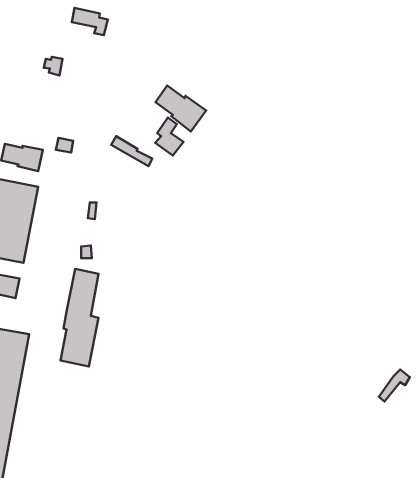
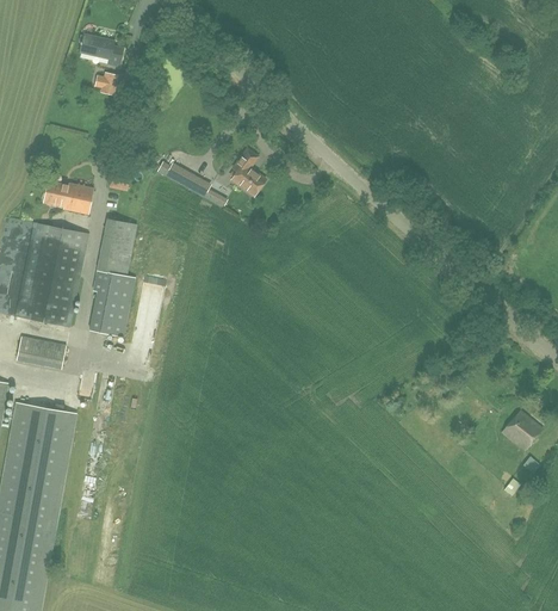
building: [72,8,108,35] -> [79,32,123,66]
building: [155,86,206,132] -> none
building: [61,269,99,367] -> [88,216,135,335]
building: none -> [502,408,542,448]

